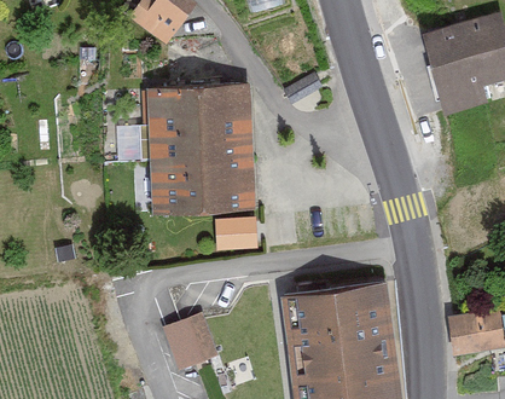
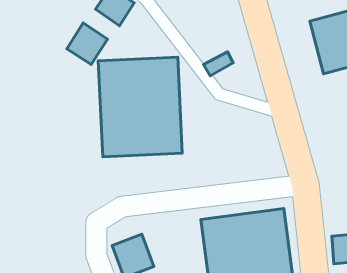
building: none -> [67,23,108,64]
building: [214,218,259,253] -> none

